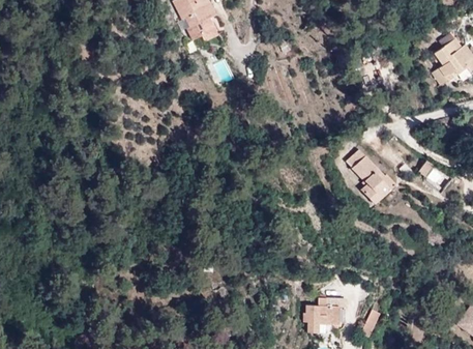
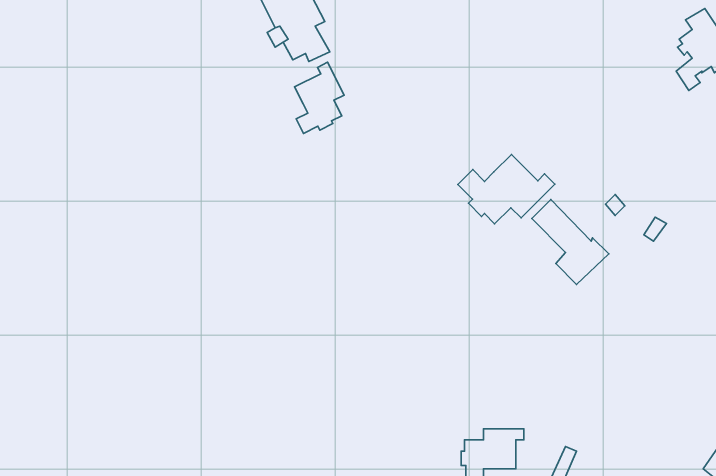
building: none -> [295,62,344,133]
building: none -> [458,154,555,224]

